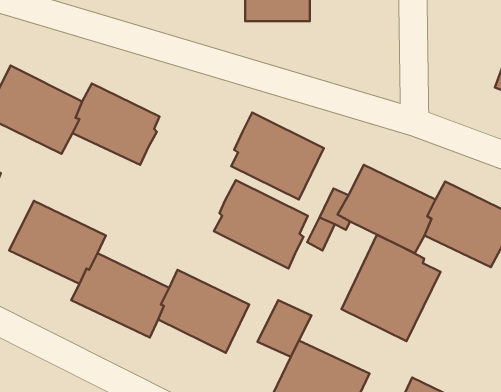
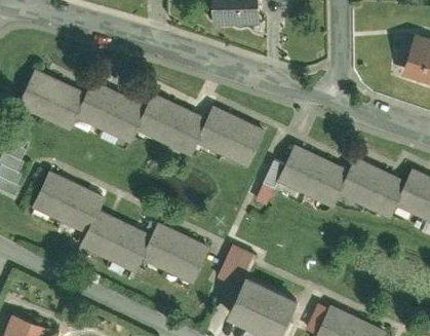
building: [214,180,308,268] -> [136,91,206,157]
building: [341,235,440,341] -> none

